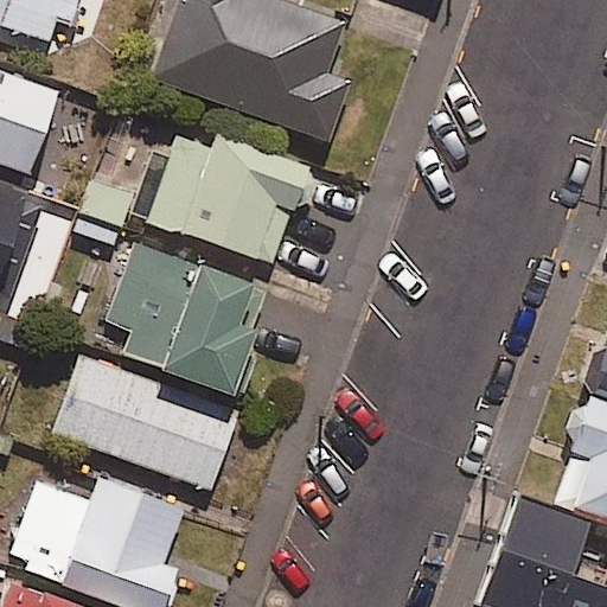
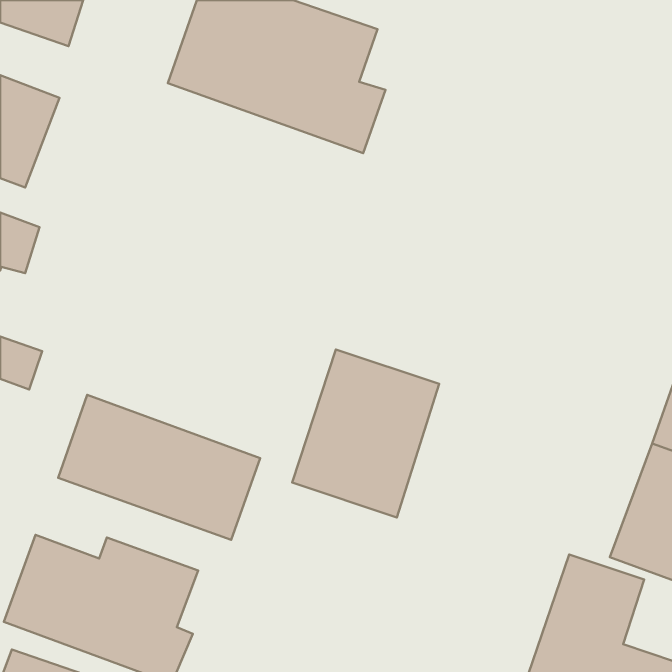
building: [151,138,306,261] -> none
building: [110,243,253,388] -> none
building: none -> [292,350,439,518]

